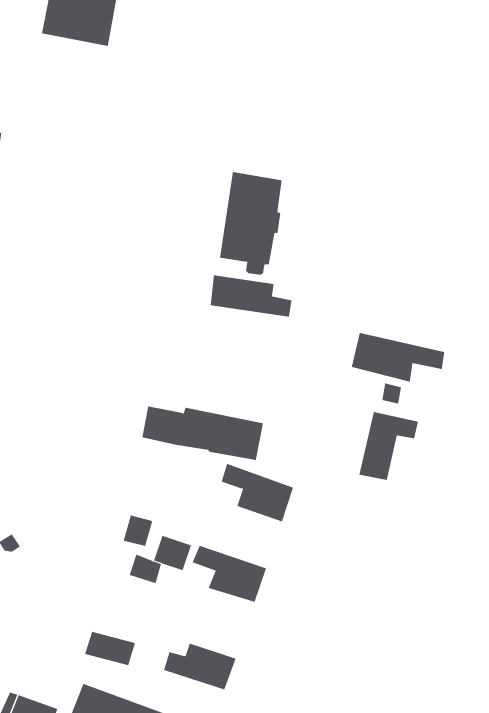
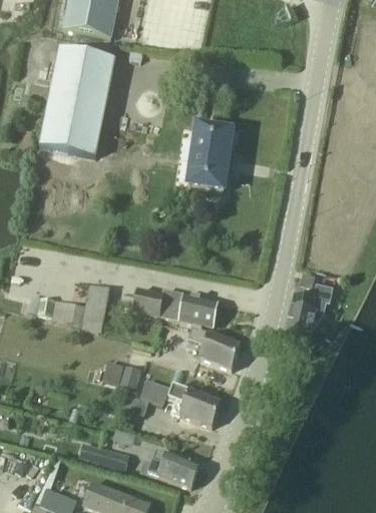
building: none -> [38,48,113,156]
building: [210,275,292,318] -> none
building: [351,332,445,382] -> none
building: none -> [49,286,107,330]

